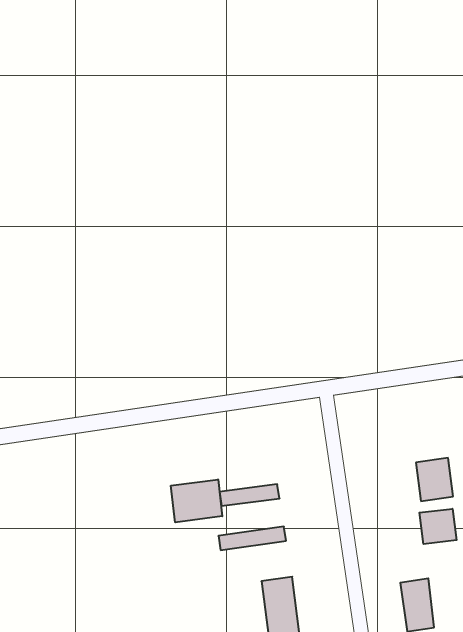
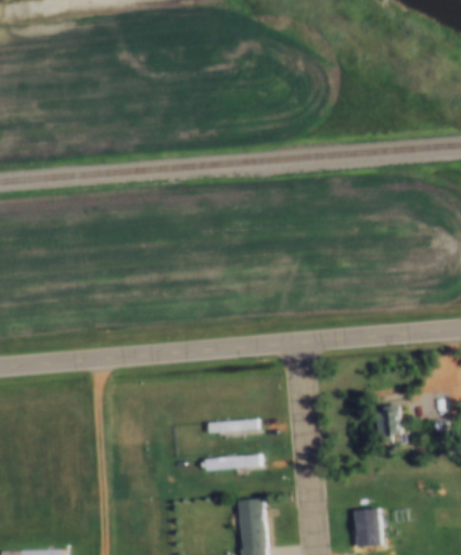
building: [171,479,222,522] -> none
building: [419,509,457,544] -> none

